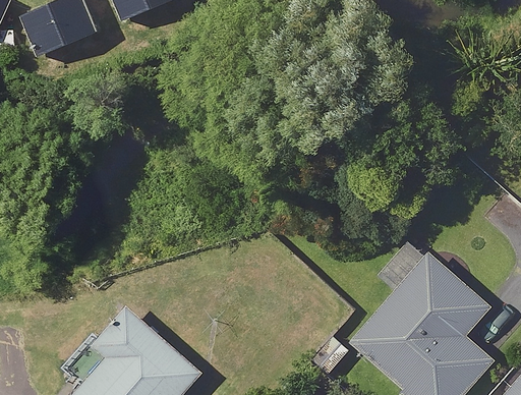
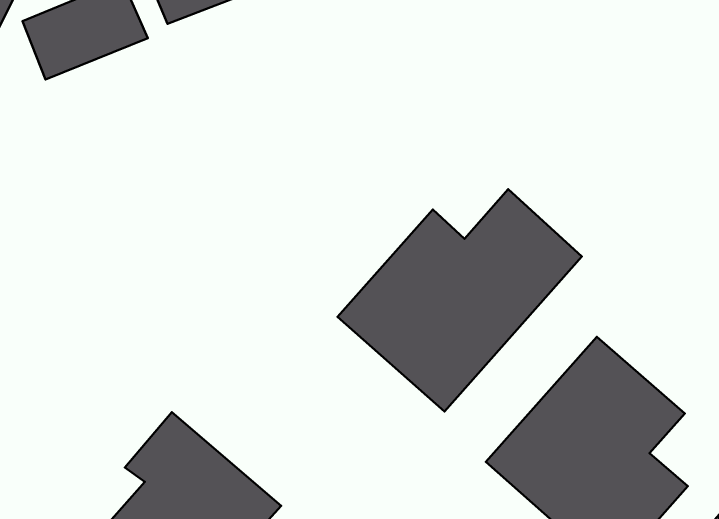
building: none -> [338,189,582,412]

